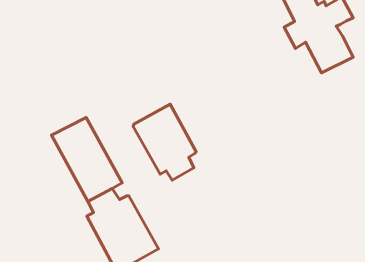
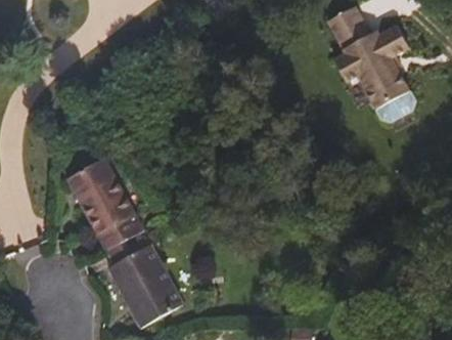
building: [133,104,196,180] -> none

